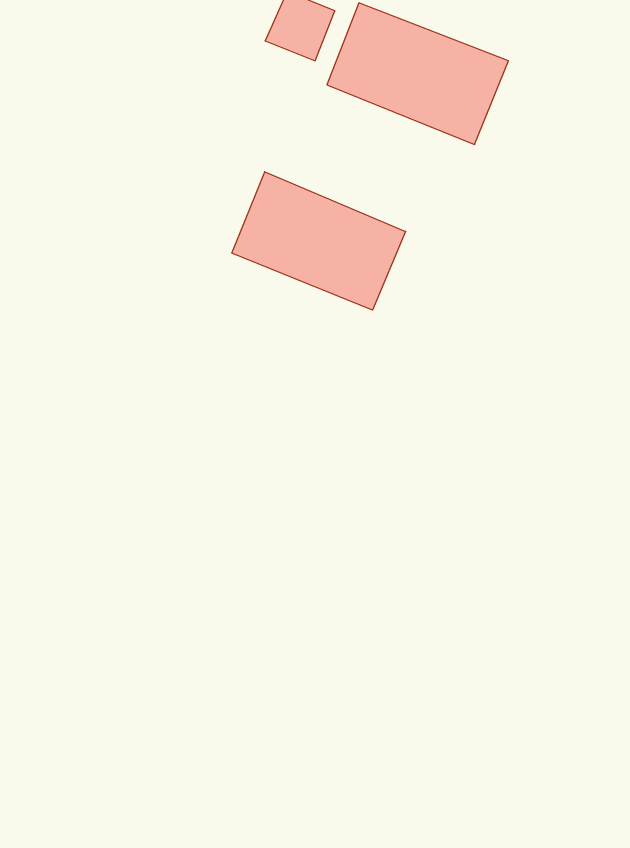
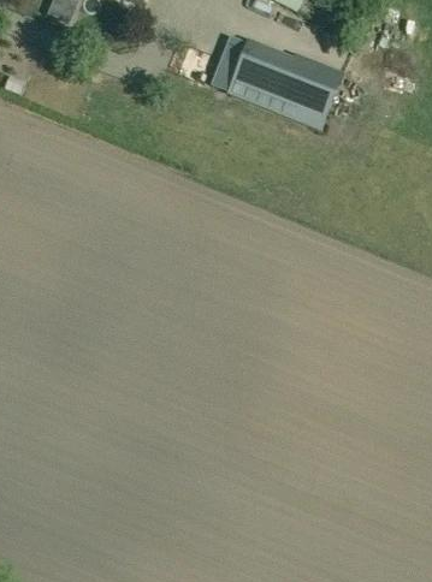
building: [232,172,406,310] -> none

